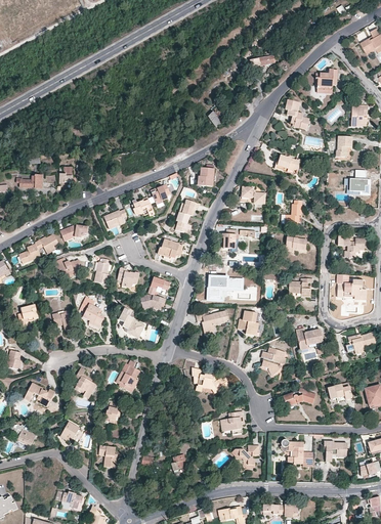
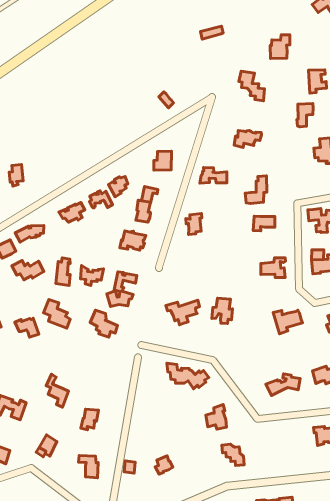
building: [208,274,244,298] -> none
building: [261,347,286,373] -> none
building: [117,359,137,392] -> none
building: [280,441,308,466] -> none

